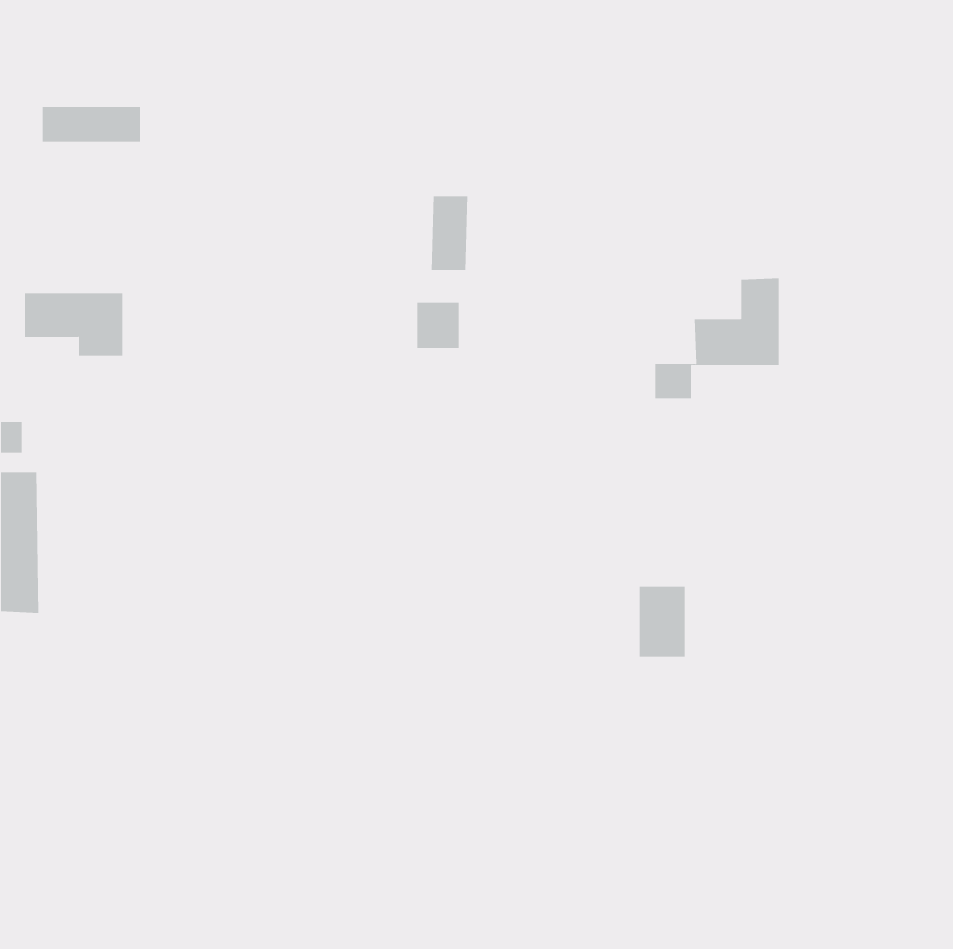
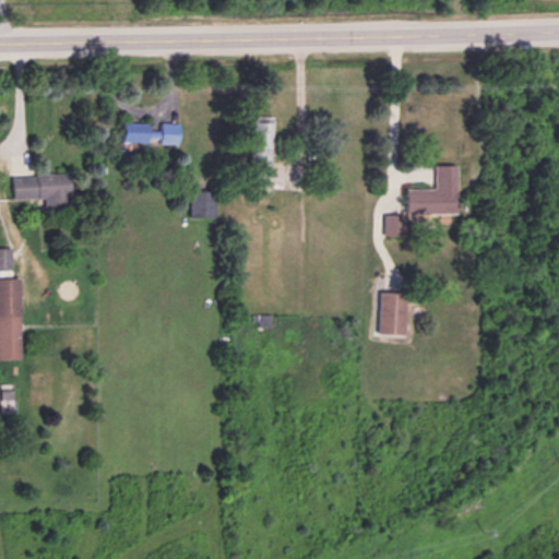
building: [42,107,141,142] -> [122,123,180,144]
building: [417,302,459,349] -> [191,191,216,218]
building: [639,586,686,657] -> [380,293,407,334]

